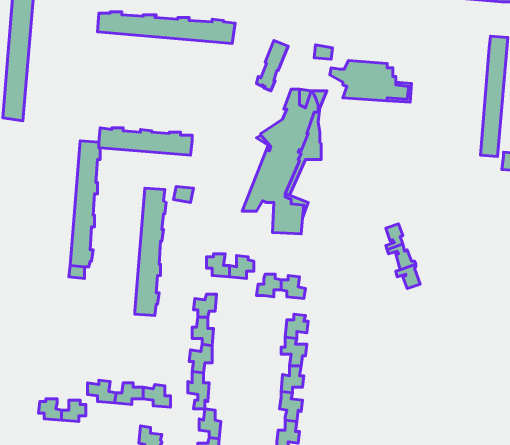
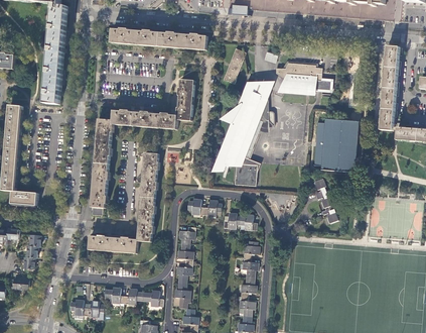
building: none -> [176,79,194,119]
building: none -> [313,118,358,172]
building: none -> [89,234,137,252]

